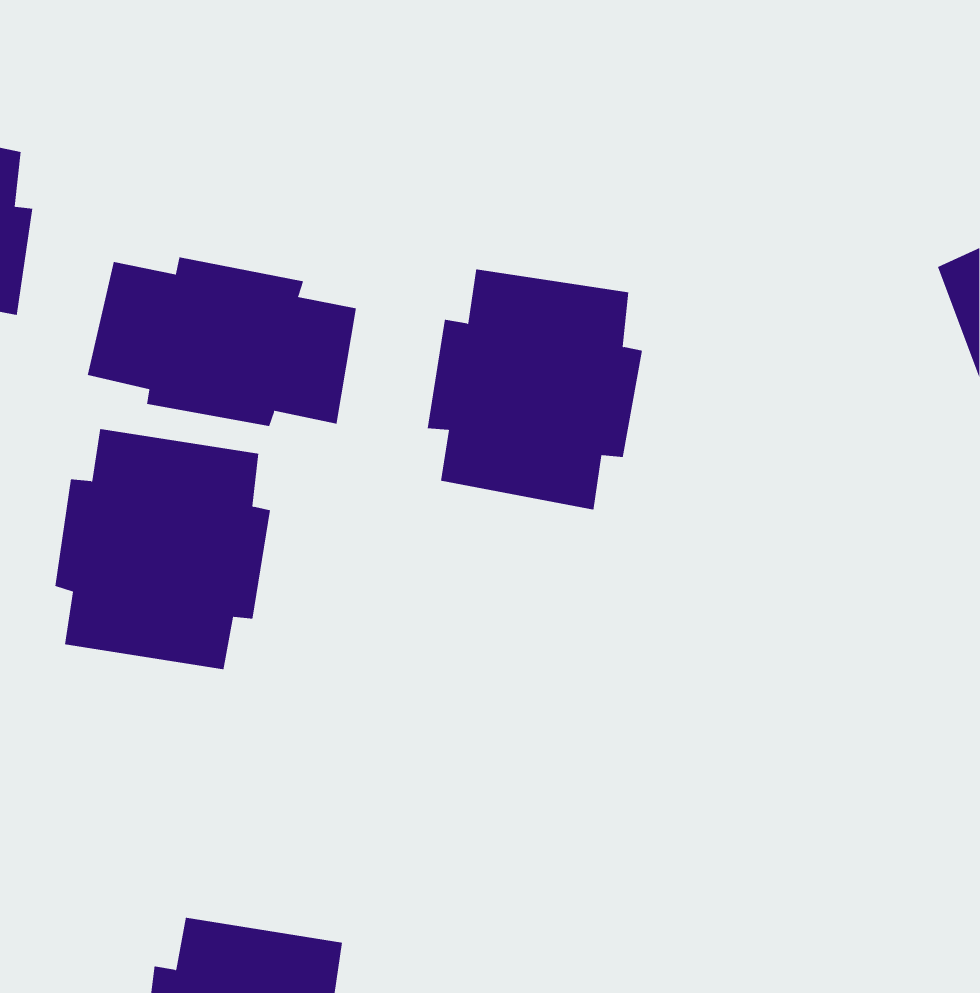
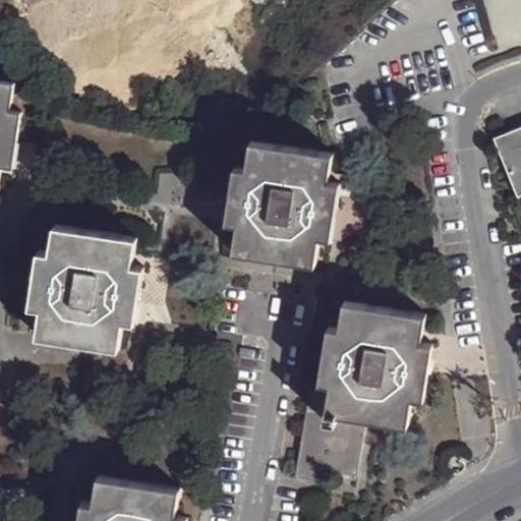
building: [87,256,357,427] -> none
building: none -> [290,304,430,486]

